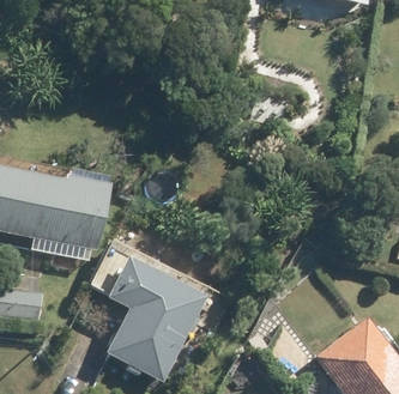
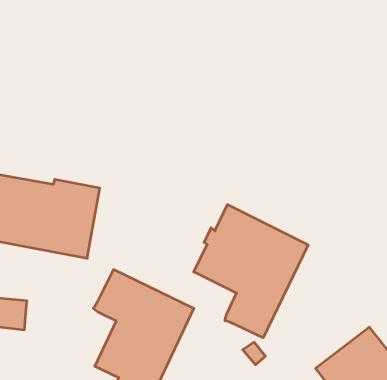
building: none -> [194,205,308,338]

